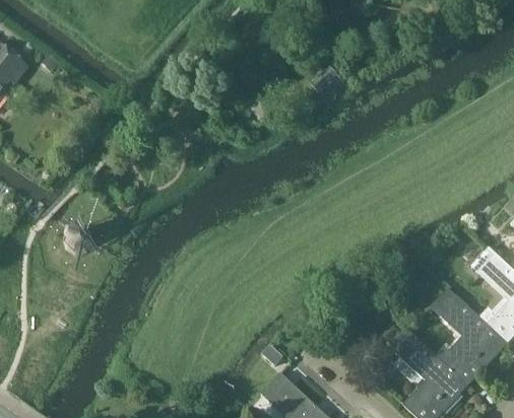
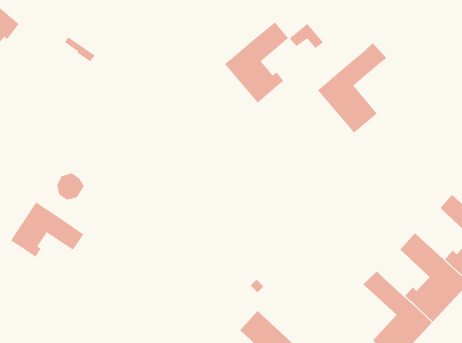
building: none -> [224,21,289,103]
building: none -> [317,43,387,134]
building: none -> [10,201,84,257]

